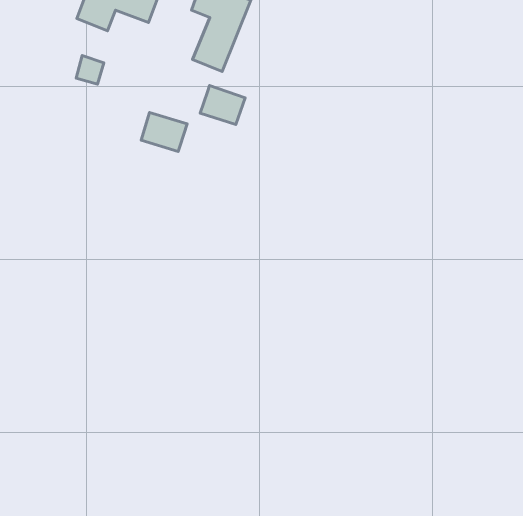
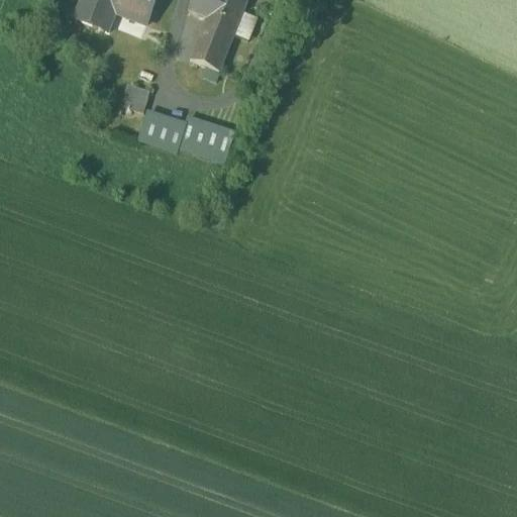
building: [76,56,104,84] -> [122,83,149,111]
building: [200,86,245,124] -> [178,116,222,154]

